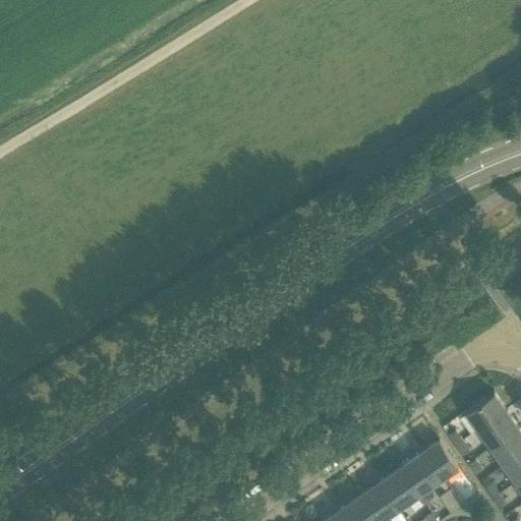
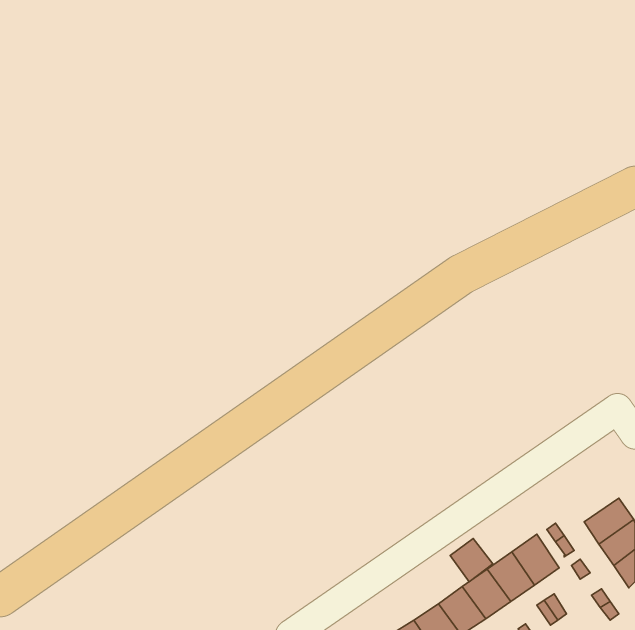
building: [466,394,507,431] -> none
building: none -> [450,539,493,582]

